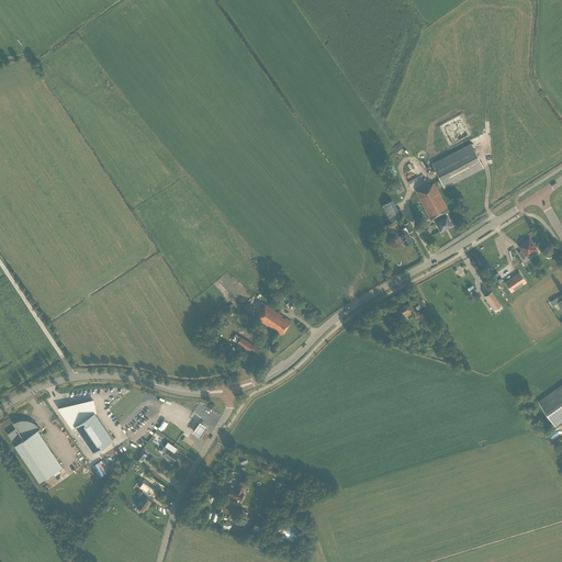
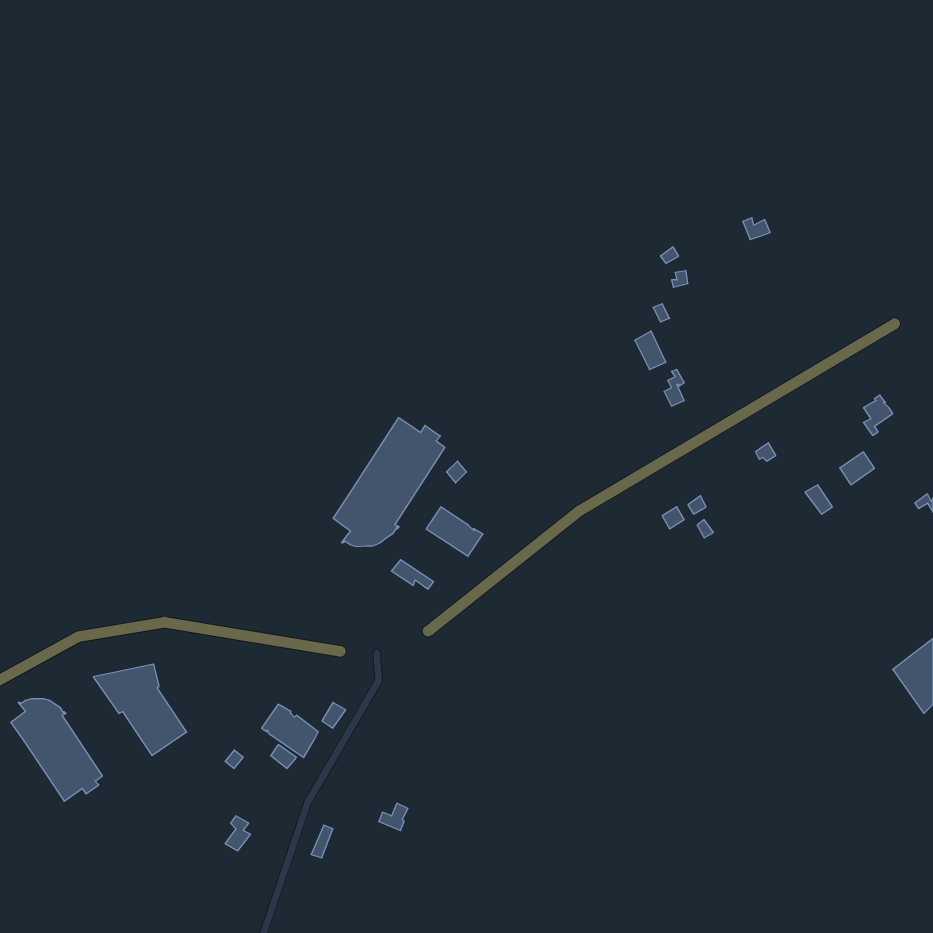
building: [415,143,483,231] -> none
building: none -> [333,418,445,547]

